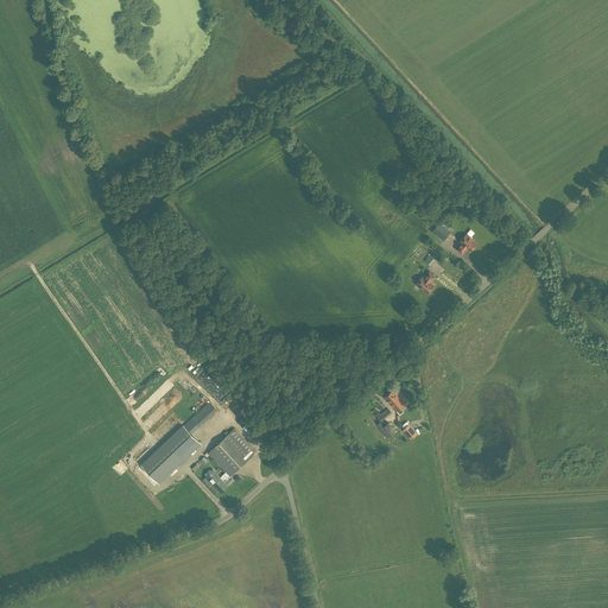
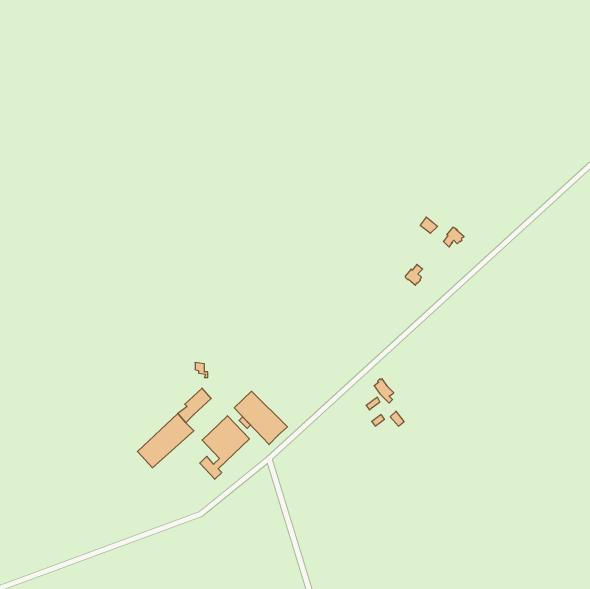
building: none -> [234,391,287,445]

